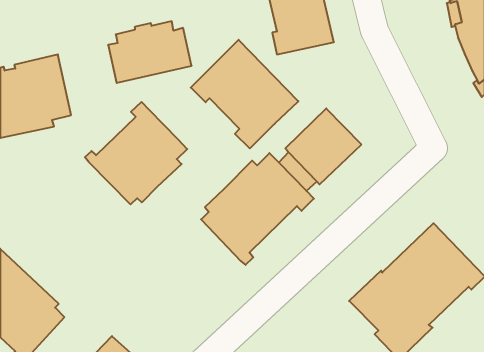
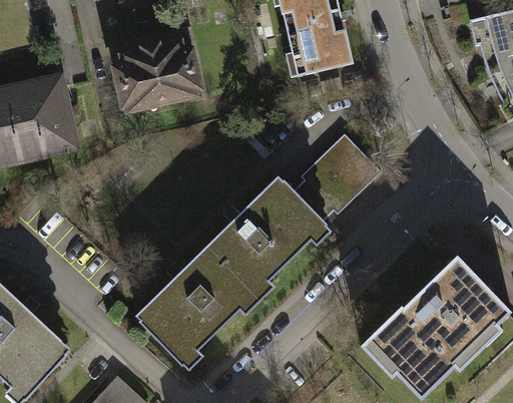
building: [191,40,298,148] -> none
building: [85,102,187,204] -> none
building: none -> [140,251,260,369]

